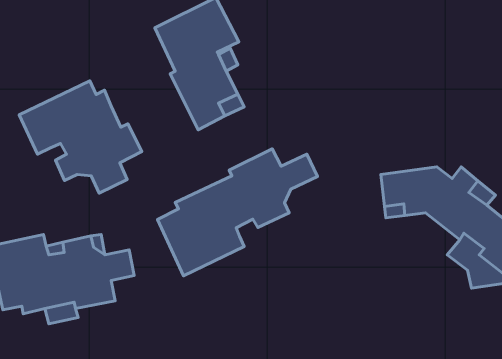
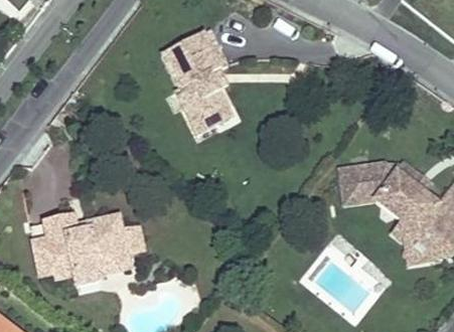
building: [19,81,142,193] -> none
building: [158,149,318,276] -> none

